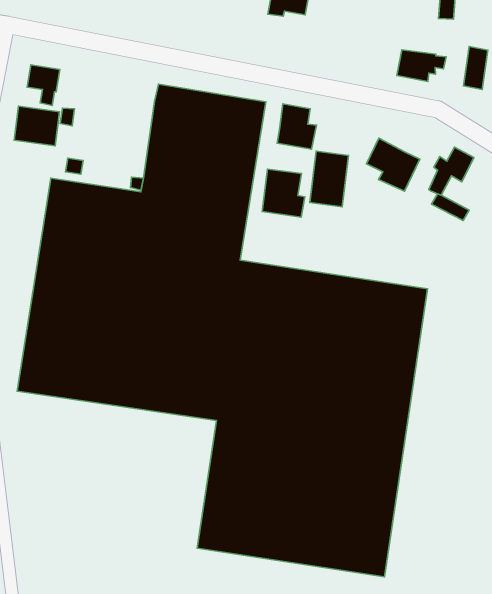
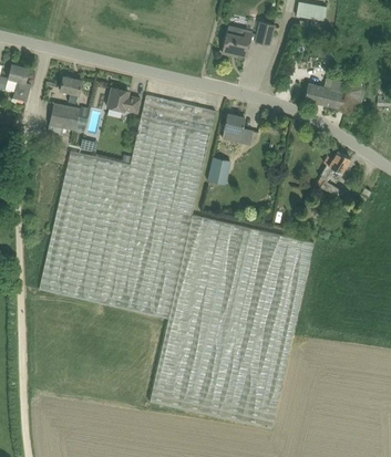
building: none -> [323,80,352,110]
building: none -> [107,86,141,112]
building: [367,138,420,191] -> none
building: [310,151,349,207] -> none

